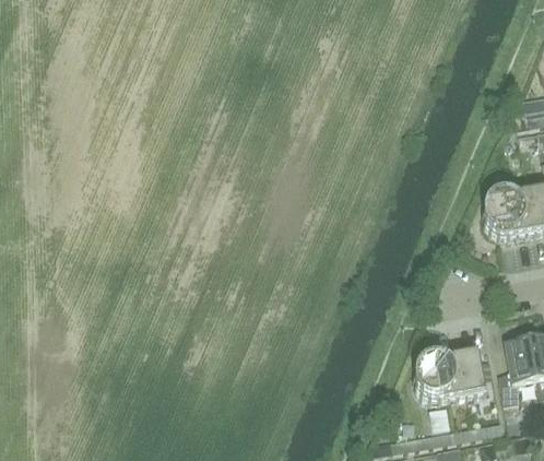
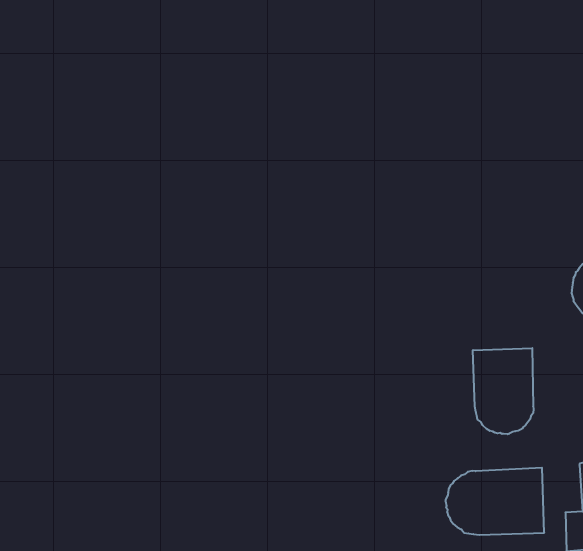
building: none -> [473,348,534,434]

